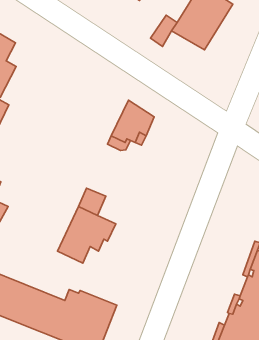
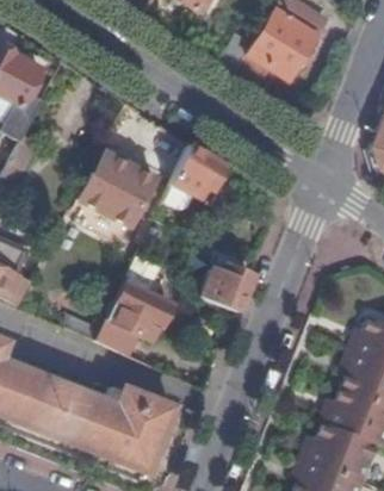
building: none -> [78,154,157,225]
building: none -> [200,265,254,311]

